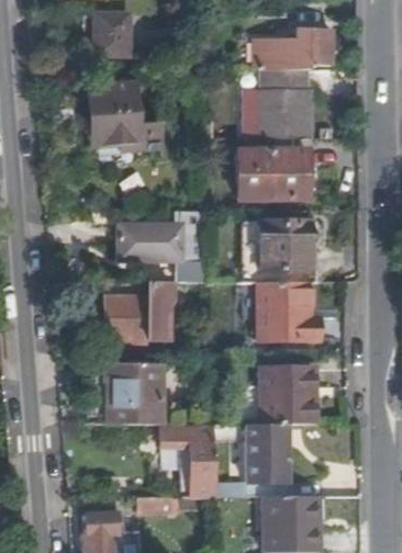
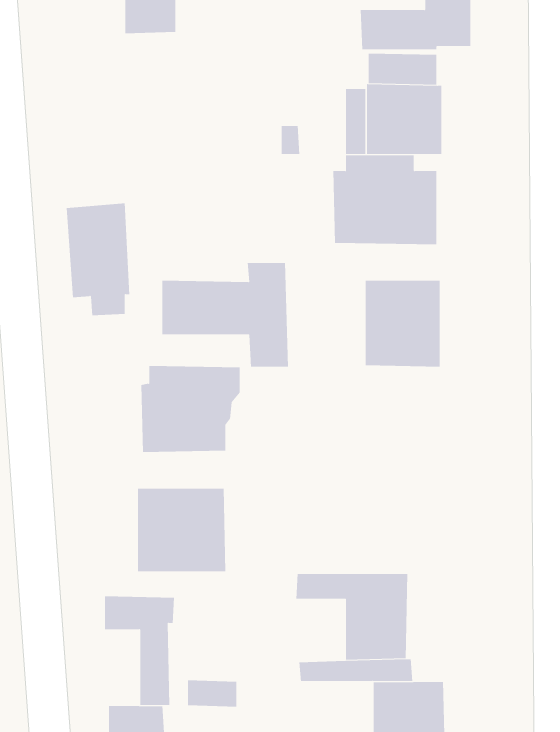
building: [94,82,138,159] -> [66,203,130,316]
building: [258,282,320,341] -> none
building: [261,368,317,424] -> none
building: [165,422,213,497] -> [104,596,175,706]

